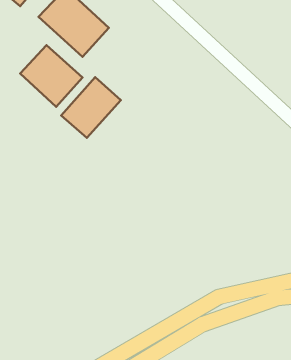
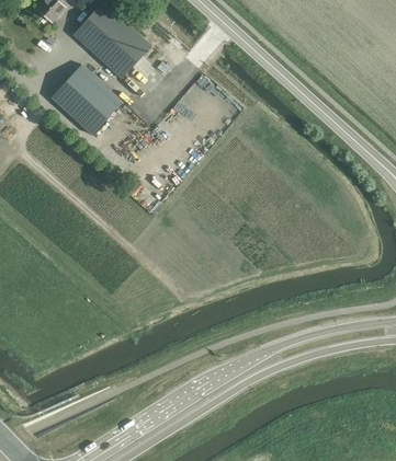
building: [61,77,121,138] -> none

